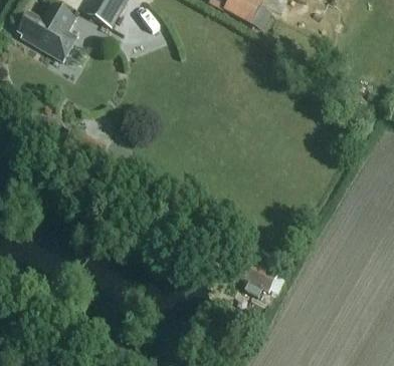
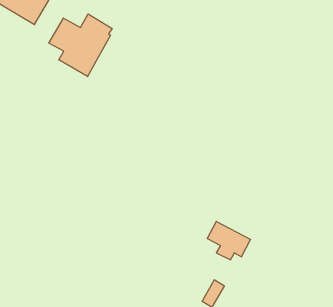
building: none -> [49,14,112,77]

